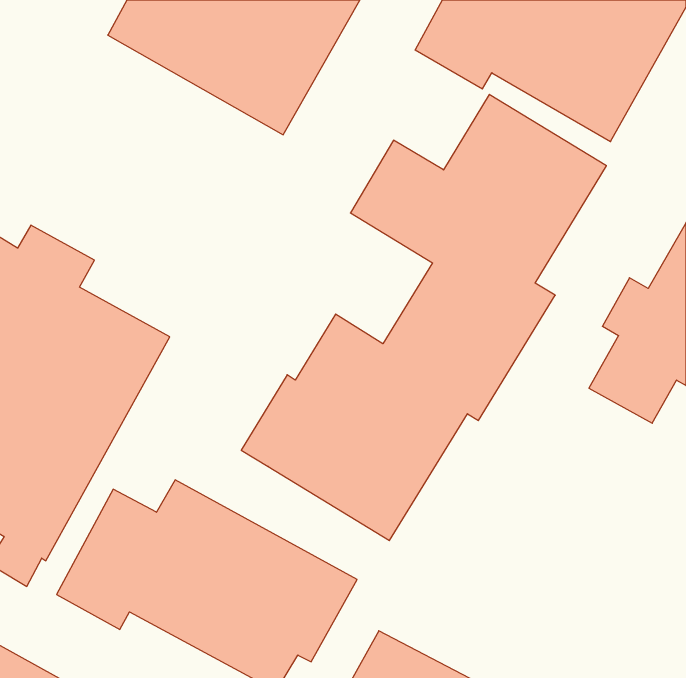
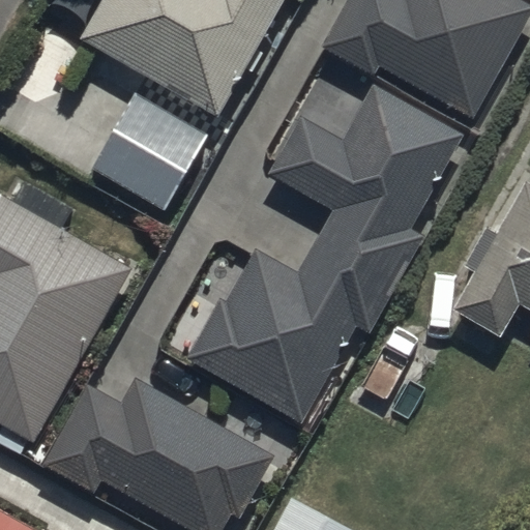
building: none -> [89,94,206,209]

